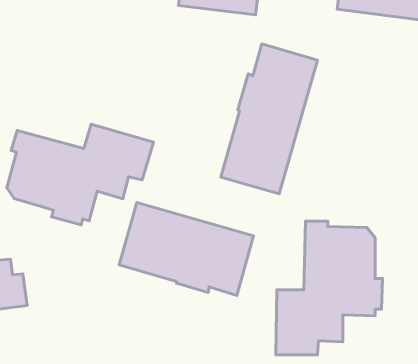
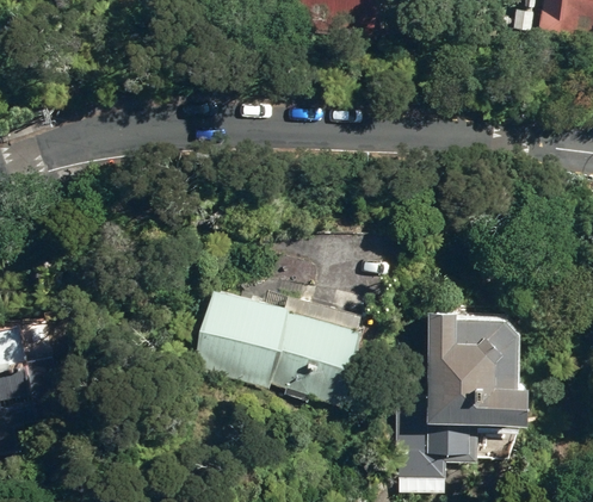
building: [221,44,317,194] -> none
building: [7,124,154,225] -> none

